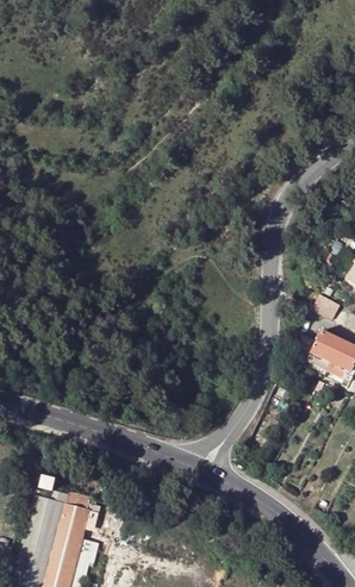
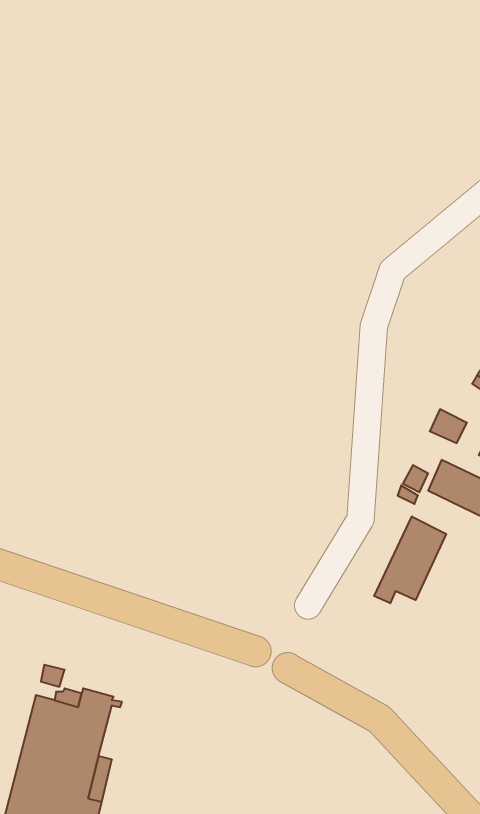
building: none -> [374,516,446,603]

